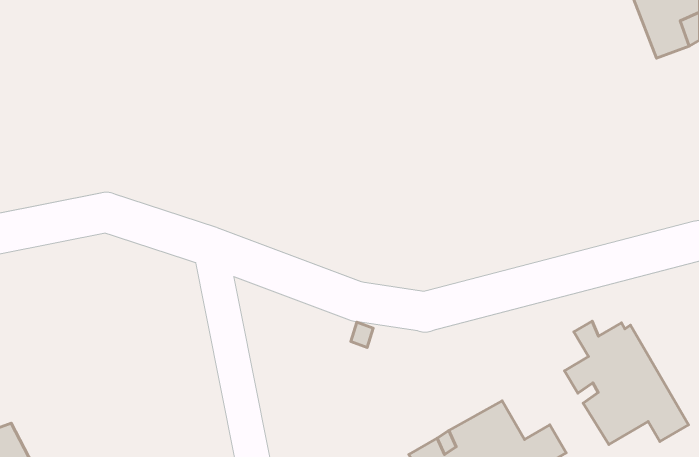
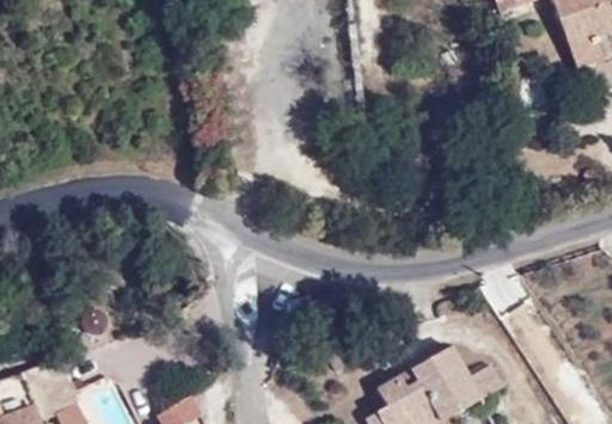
building: [565,321,689,444] -> none

